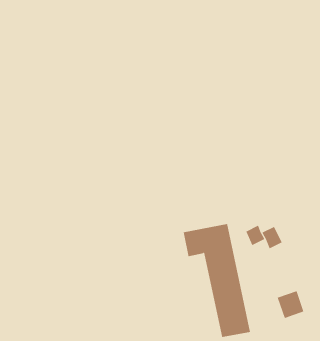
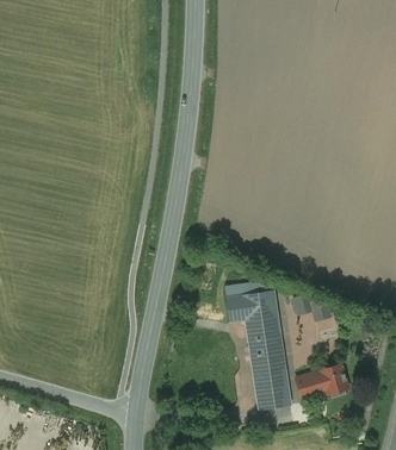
building: none -> [296,370,326,398]

